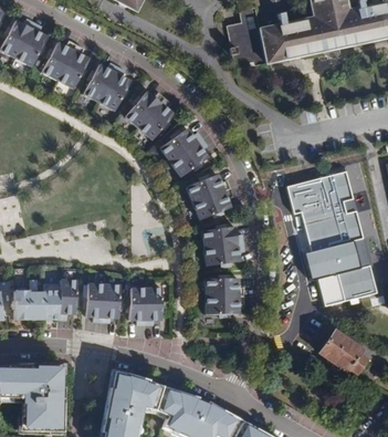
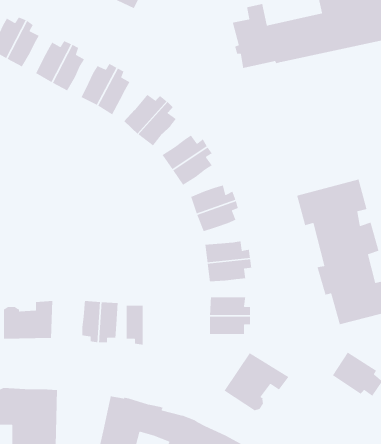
building: [60,279,77,319] -> none
building: [145,287,160,324] -> none
building: none -> [223,352,290,412]

